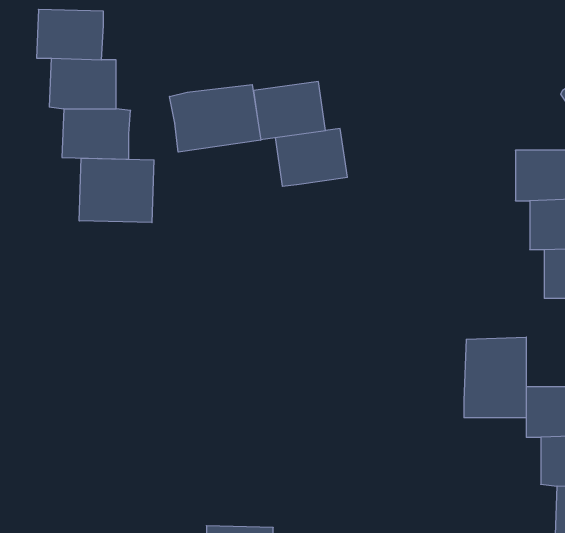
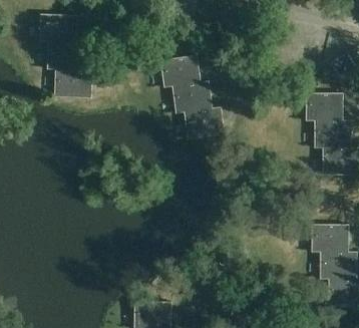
building: [170,85,261,152] -> none
building: [79,158,154,223] -> none
building: none -> [186,107,225,139]
building: [464,337,526,418] -> none

